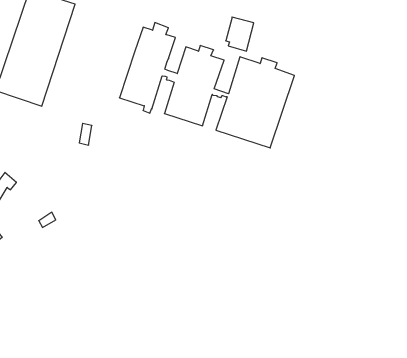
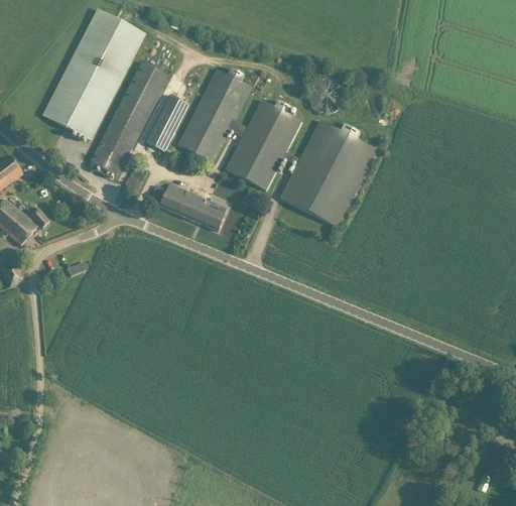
building: none -> [90,60,167,174]
building: none -> [144,96,188,153]
building: none -> [148,182,224,230]

